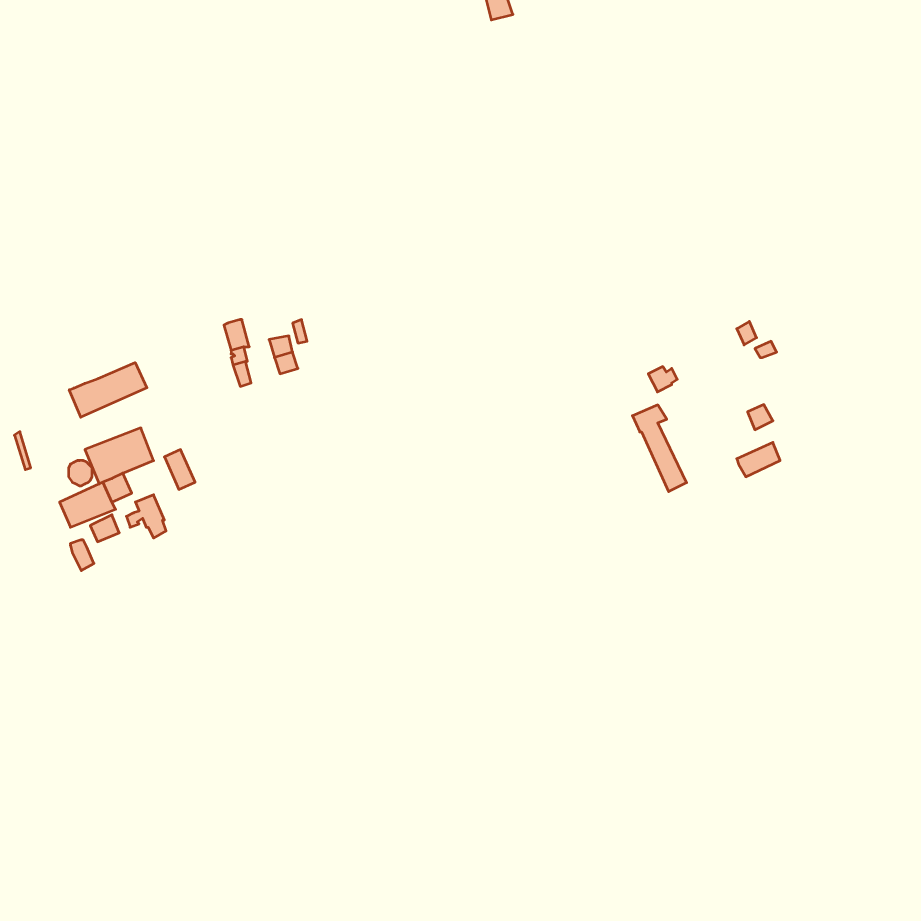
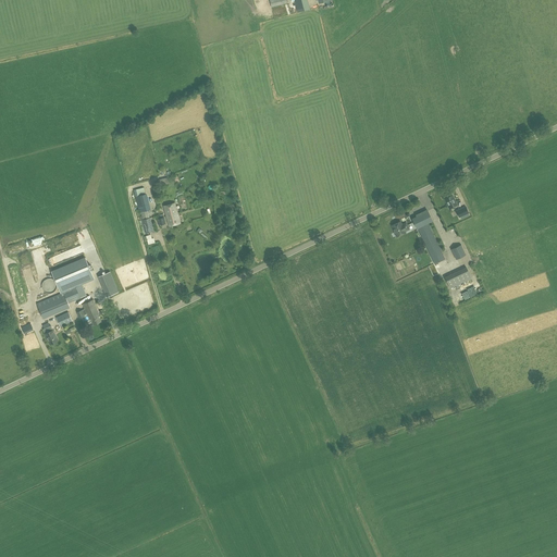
building: [69,363,147,417] -> none
building: [632,405,687,492] -> [411,211,444,263]

